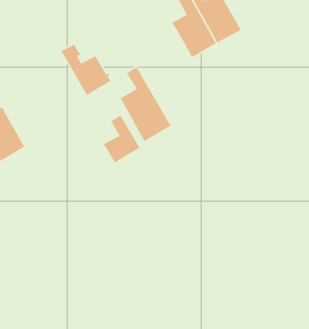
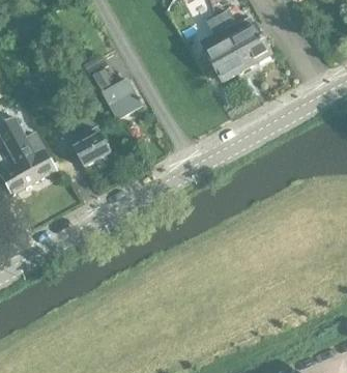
building: [119,66,172,142] -> none
building: [103,115,140,164] -> [73,118,110,167]

